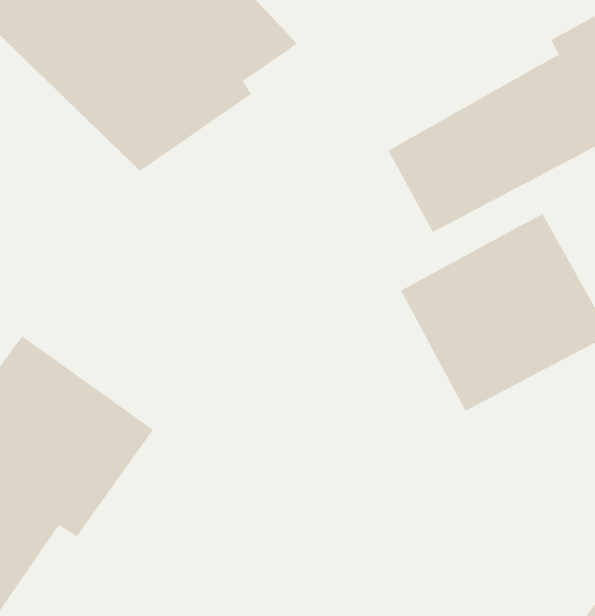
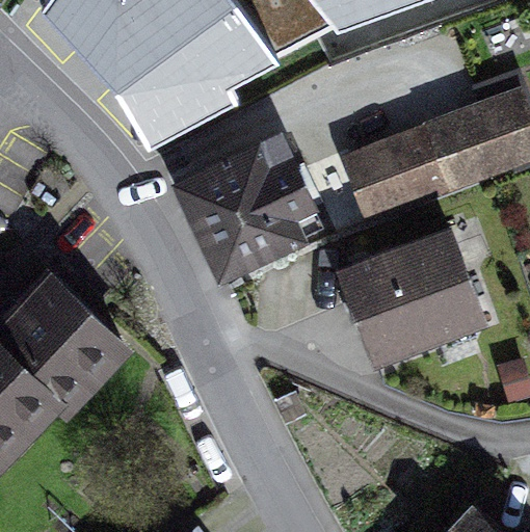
building: none -> [169,125,324,281]

